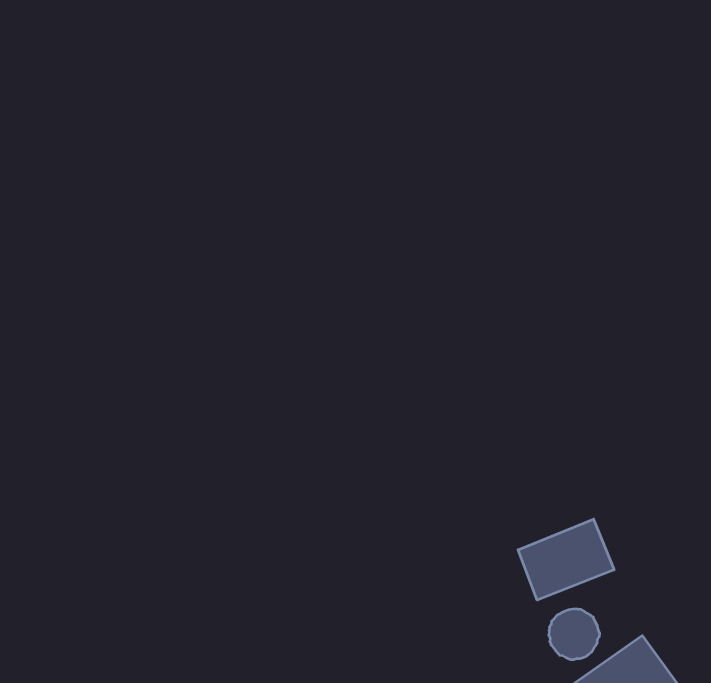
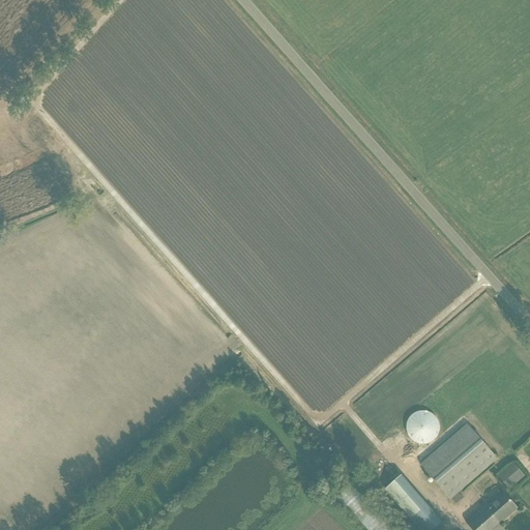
building: [518,519,614,600] -> none

